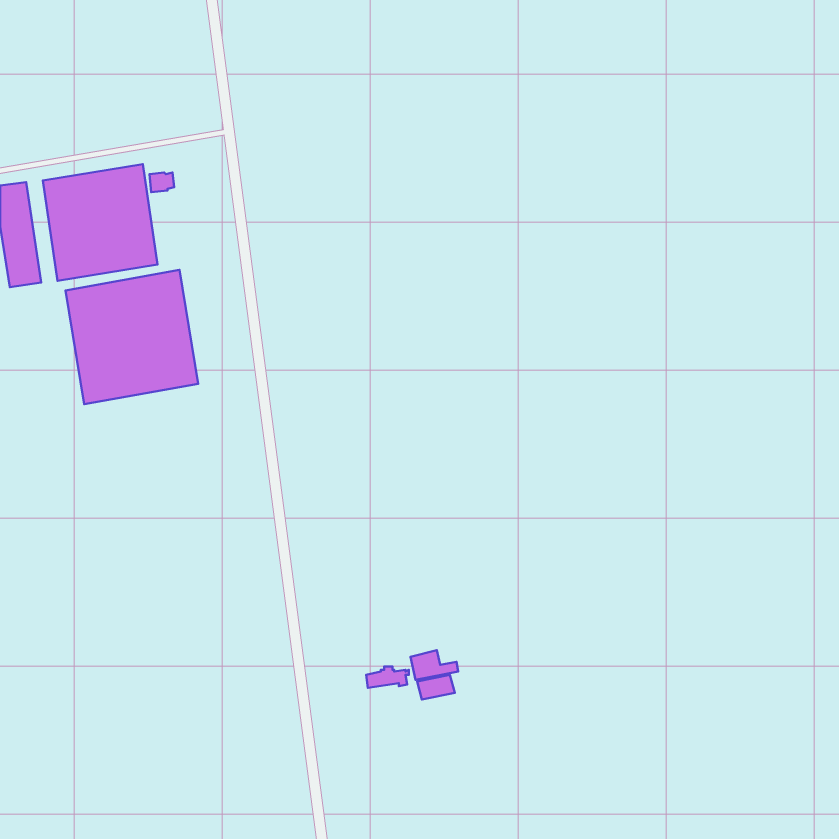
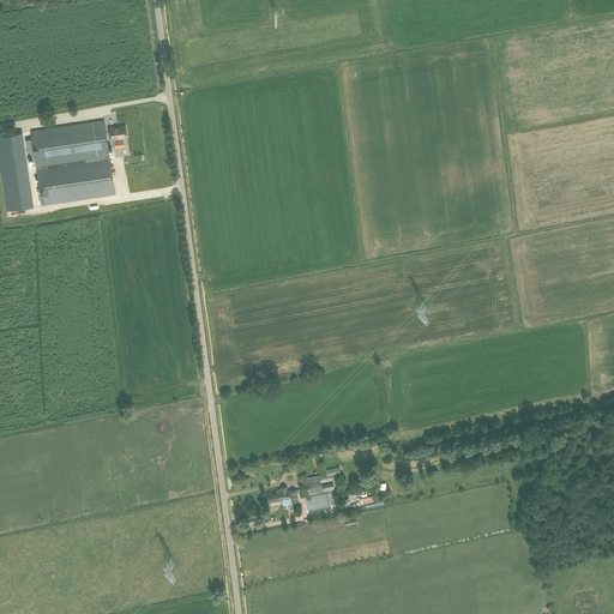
building: [66,270,198,404] -> none

